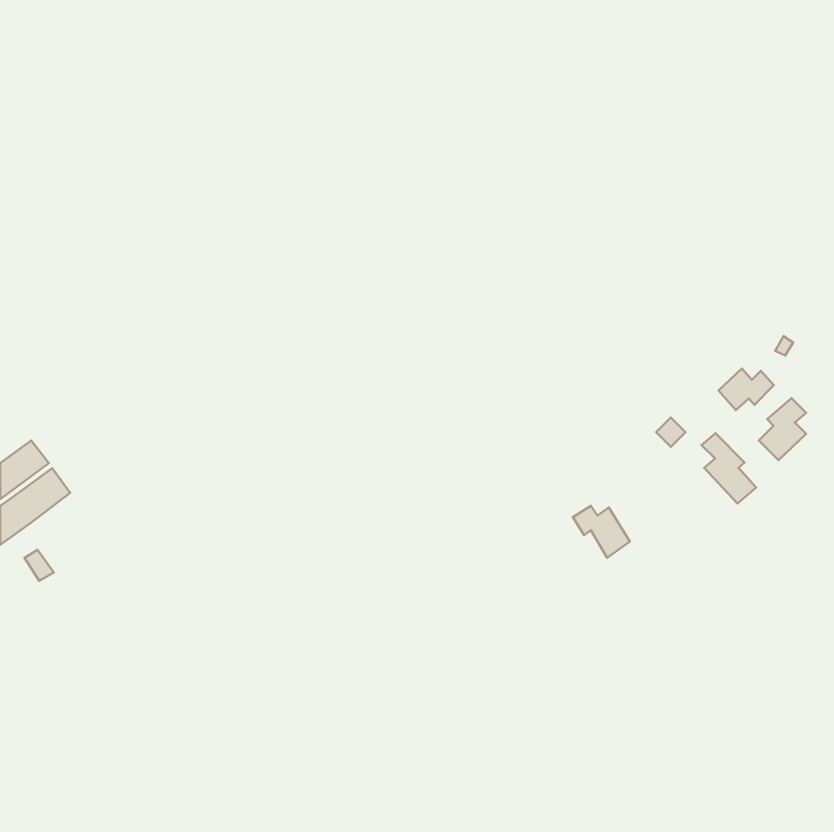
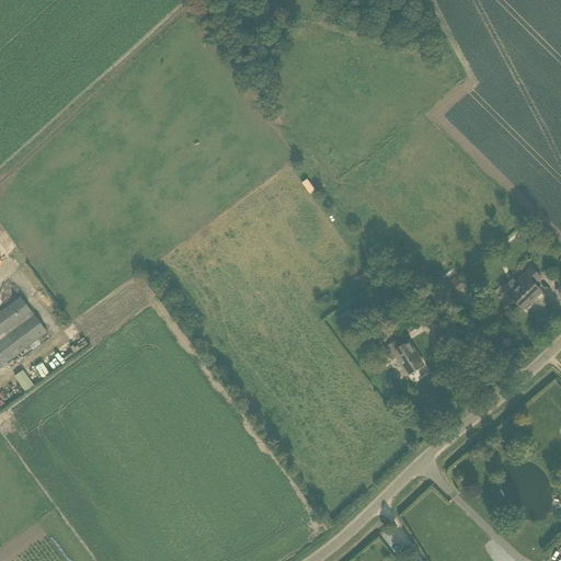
building: [718,369,774,410] -> none
building: [701,433,756,503] -> none

